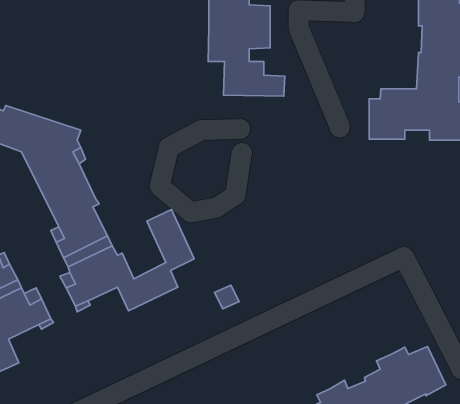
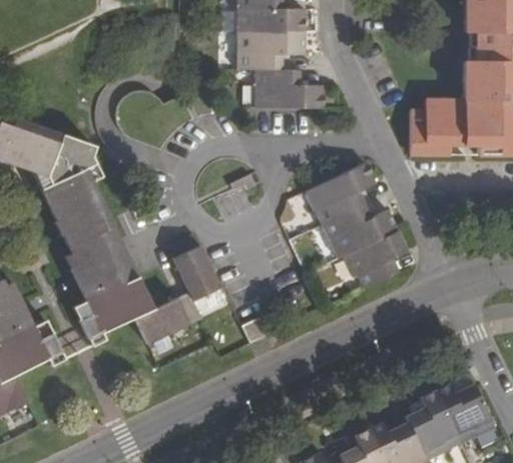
building: none -> [305,163,406,289]

